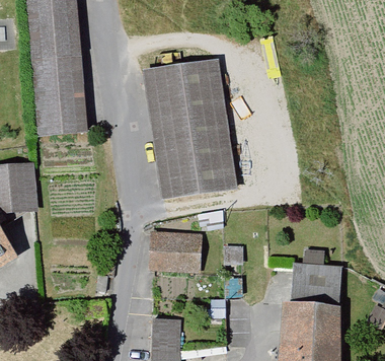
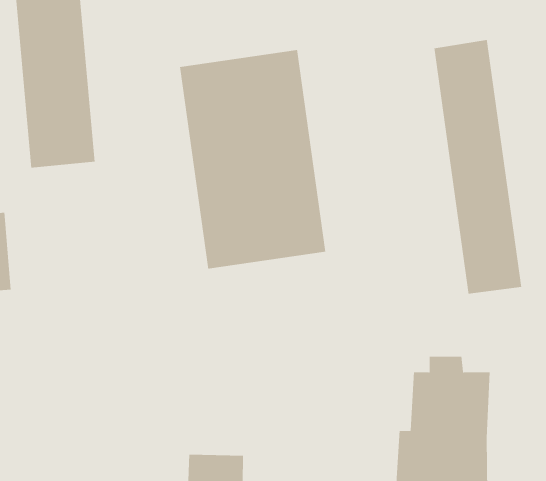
building: none -> [434,39,522,294]
building: [146,233,202,277] -> none

